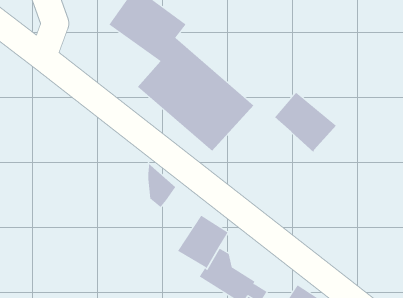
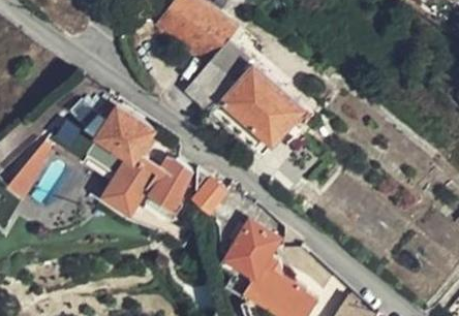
building: [274,92,337,153] -> none
building: none -> [76,108,192,213]

